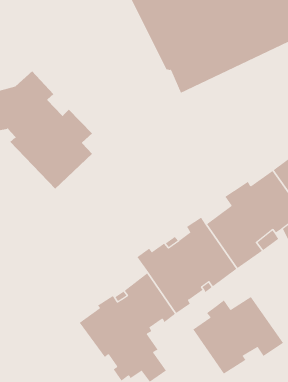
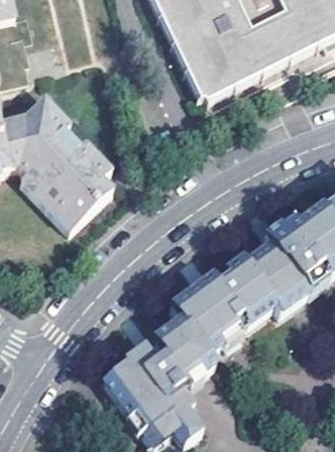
building: [192,296,284,375] -> none

